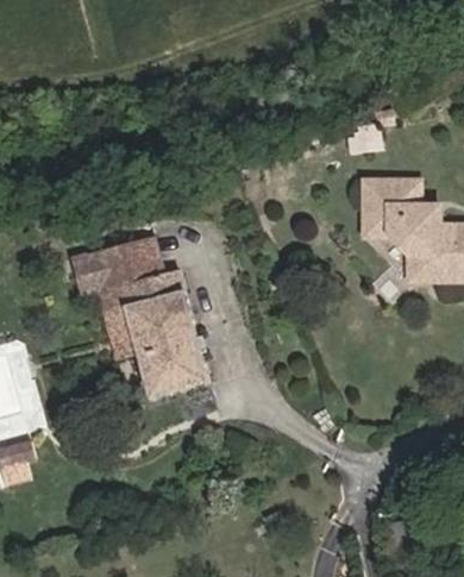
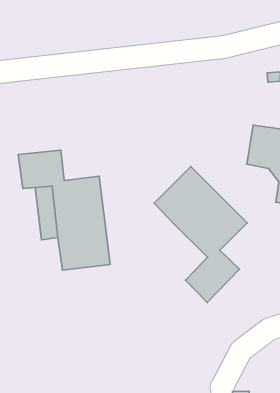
building: [124,237,164,283] -> none
building: none -> [154,166,247,302]

